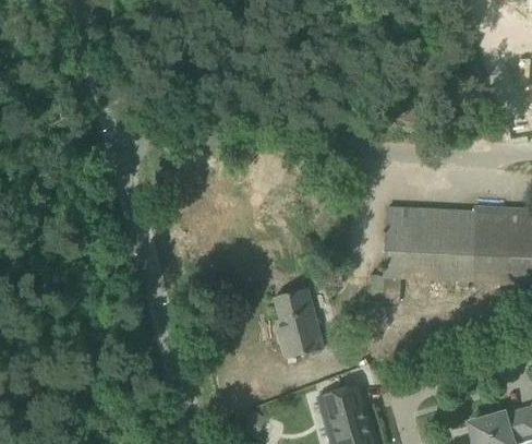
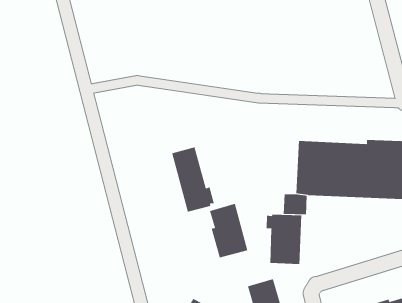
building: none -> [172,147,215,213]
building: none -> [266,214,302,265]

